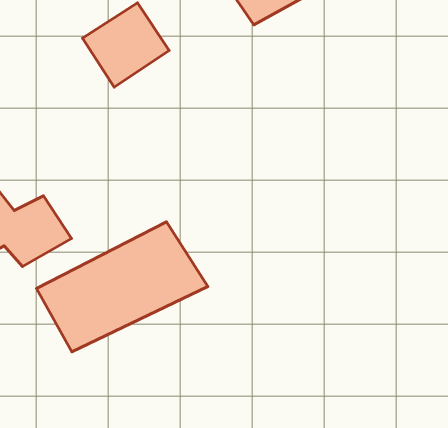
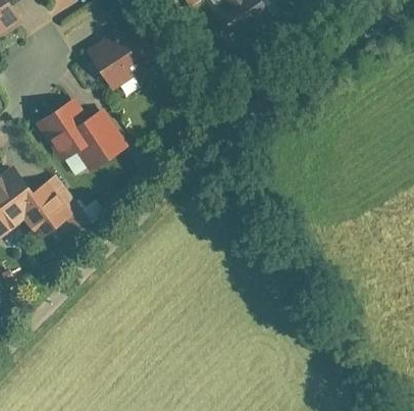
building: none -> [32,103,125,165]
building: [37,222,208,352] -> none

